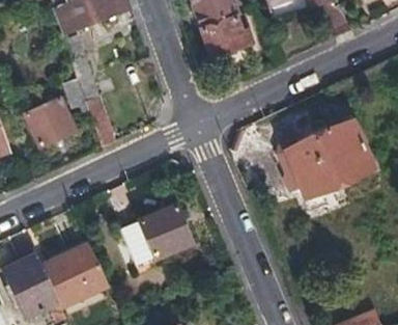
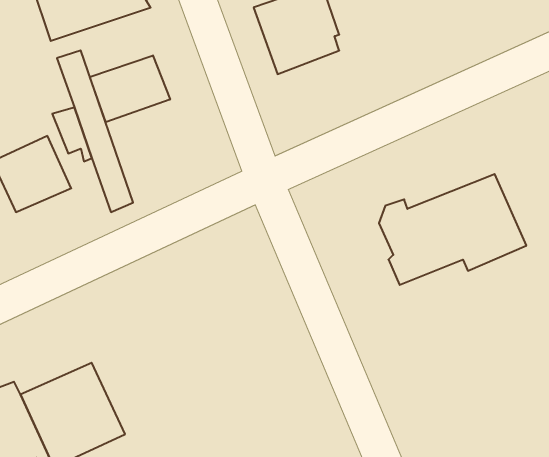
building: none -> [90,55,170,122]
building: [119,205,192,274] -> none

